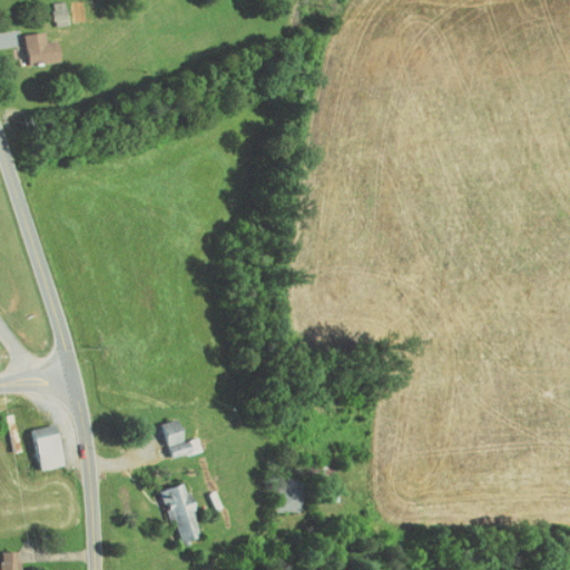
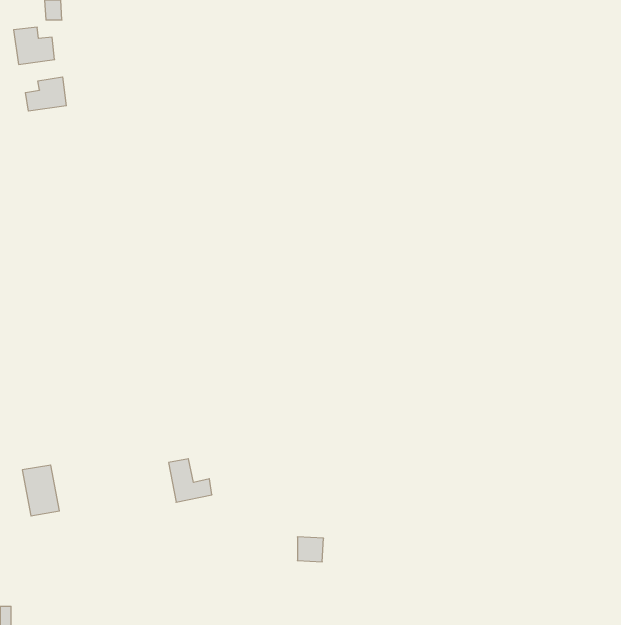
building: none -> [25,77,66,111]
building: [160,483,200,543] -> none

